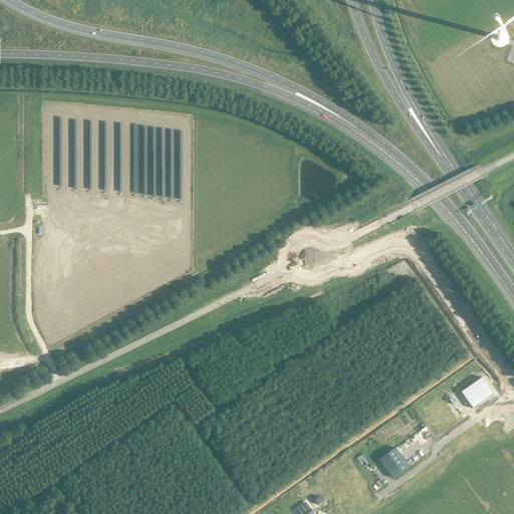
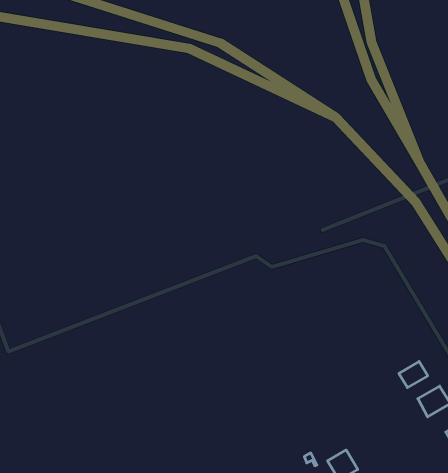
building: none -> [399,361,428,388]

